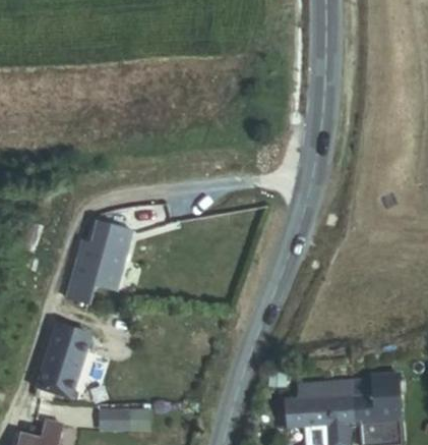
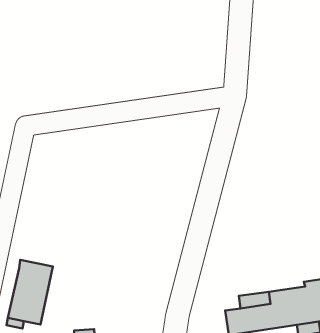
building: [65,221,133,303] -> none

